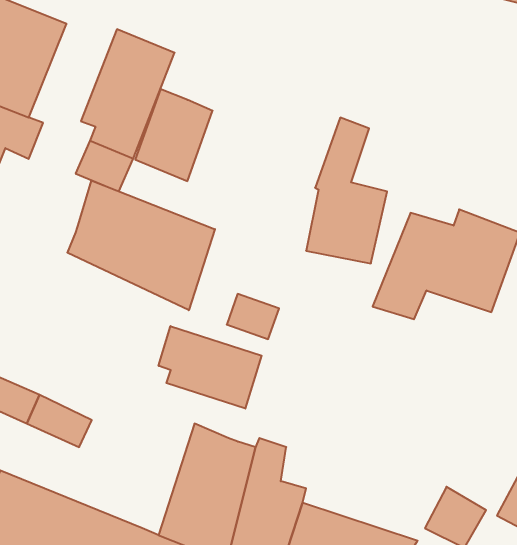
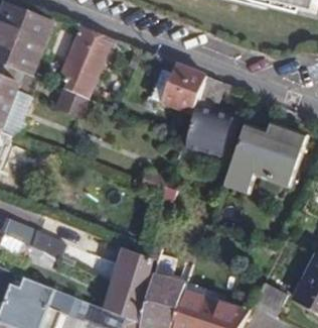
building: [135,89,213,181] -> [161,63,204,114]
building: [67,181,215,310] -> none
building: [159,326,262,409] -> none

